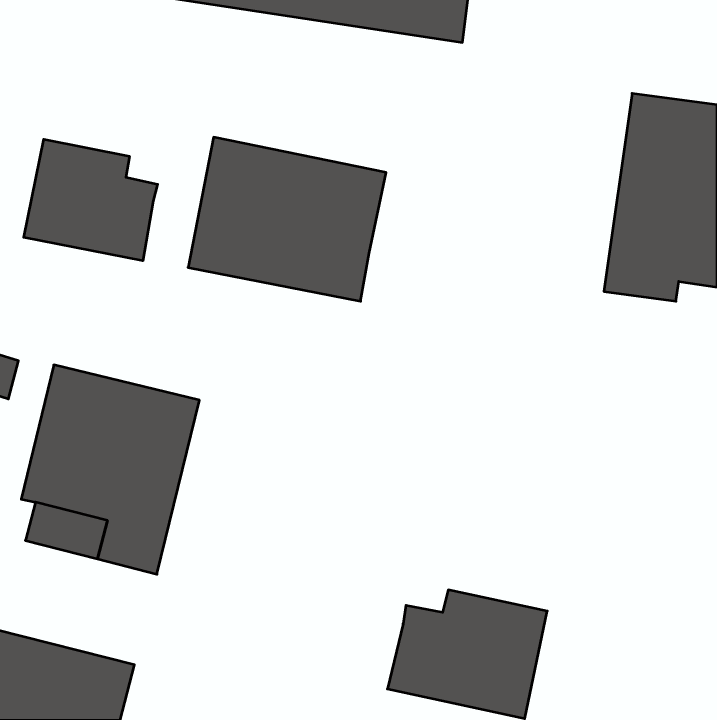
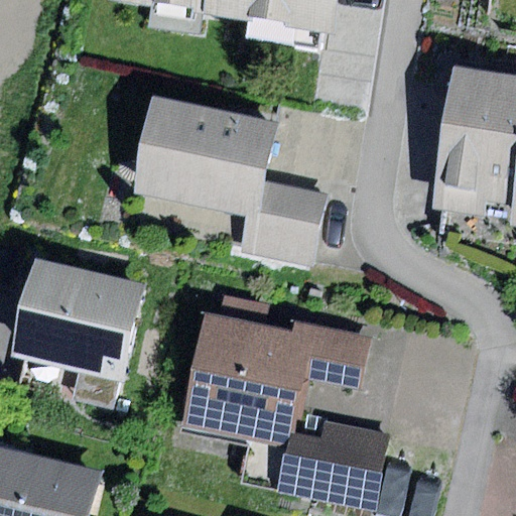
building: [24,139,158,261] -> none
building: none -> [249,180,326,265]
building: none -> [181,314,368,444]

